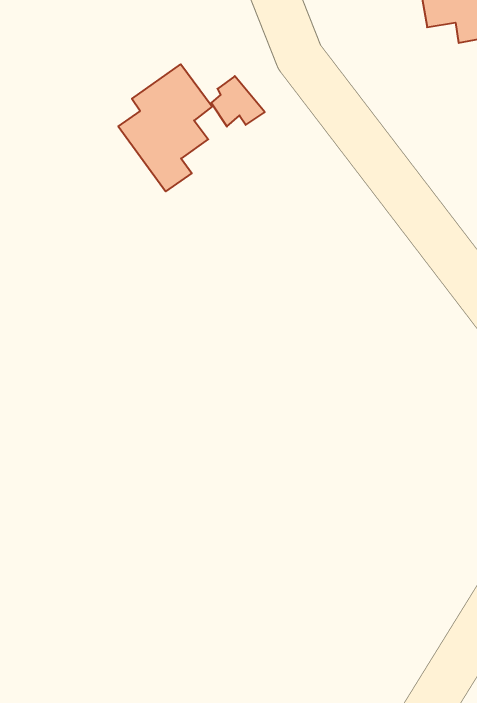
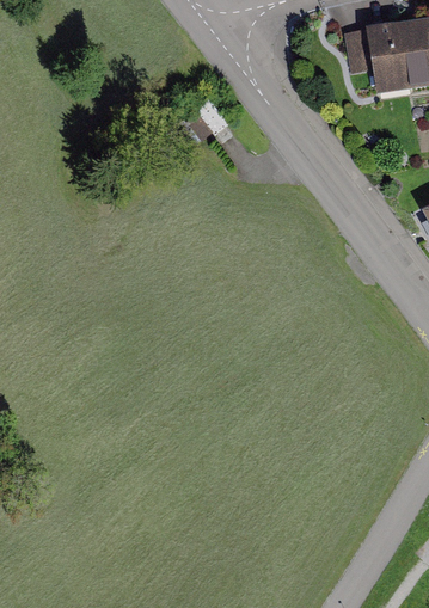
building: [118,64,212,191] -> none

